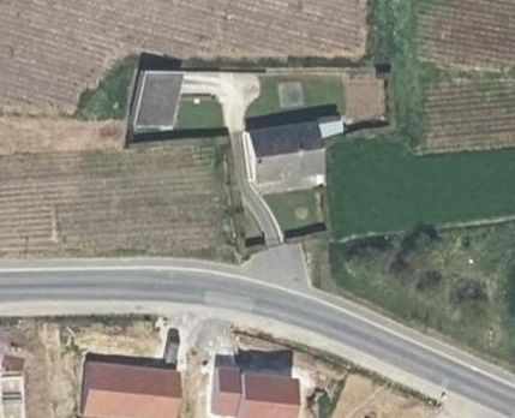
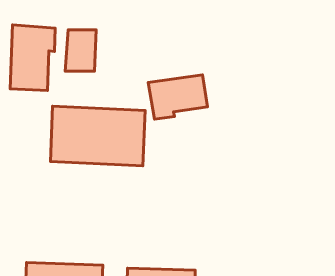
building: none -> [10,25,55,90]
building: none -> [50,106,145,166]

